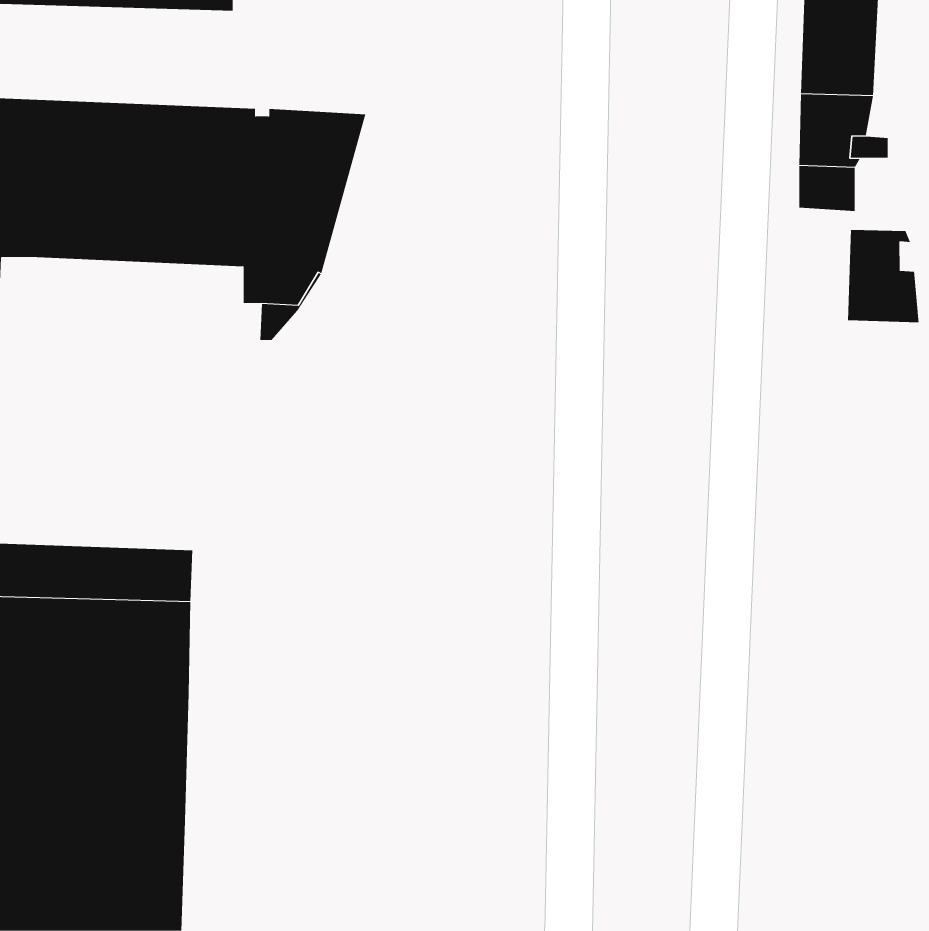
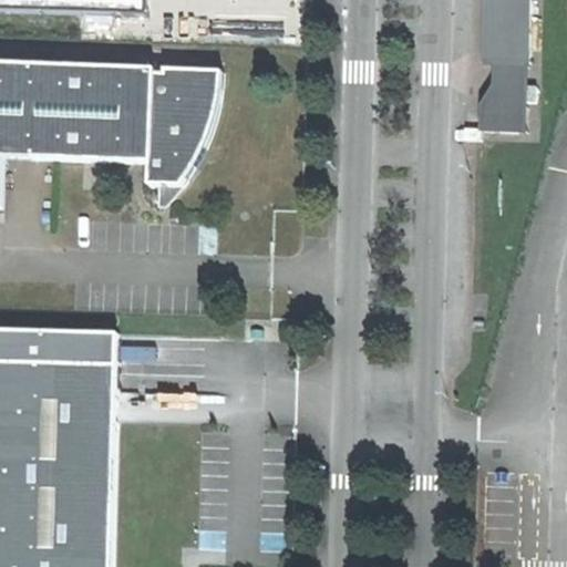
building: [848,229,919,323] -> none

